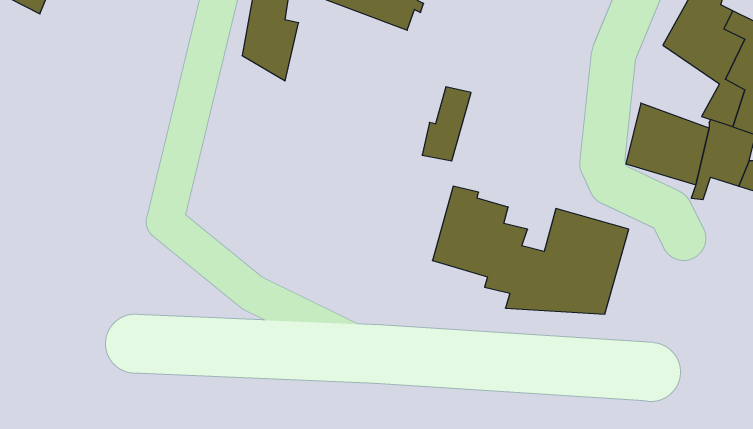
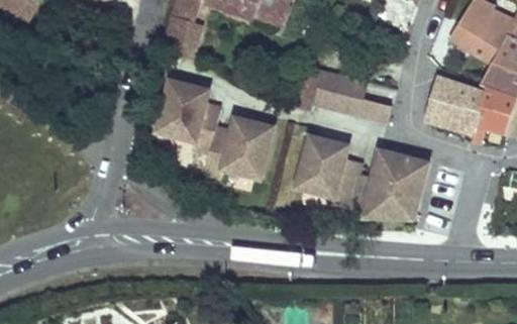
building: none -> [312,71,391,124]
building: none -> [158,75,273,175]

